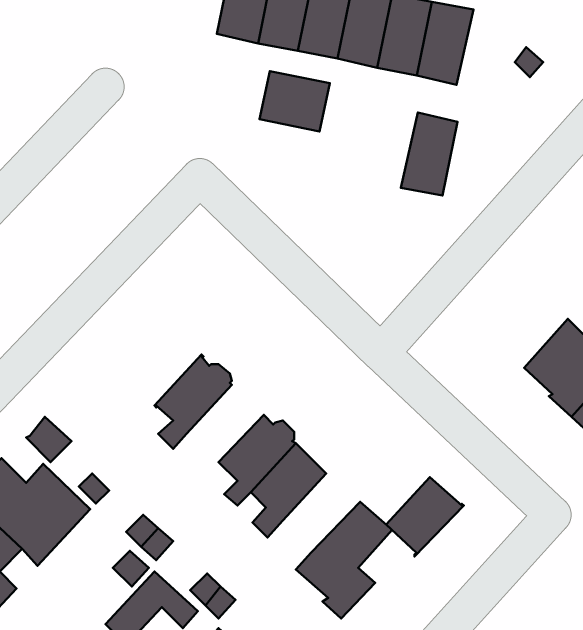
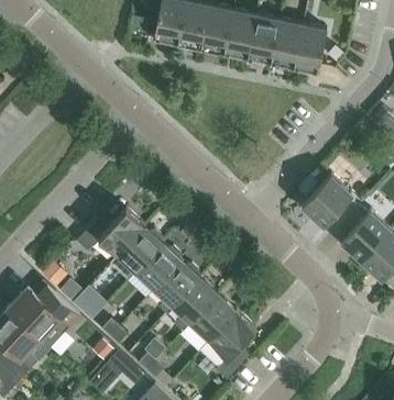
building: [260,71,330,132] -> none
building: [401,112,458,195] -> [293,24,326,73]
building: none -> [300,175,360,233]
building: none -> [76,208,144,255]
building: none -> [135,243,180,288]
building: [386,477,464,556] -> [191,295,237,341]

